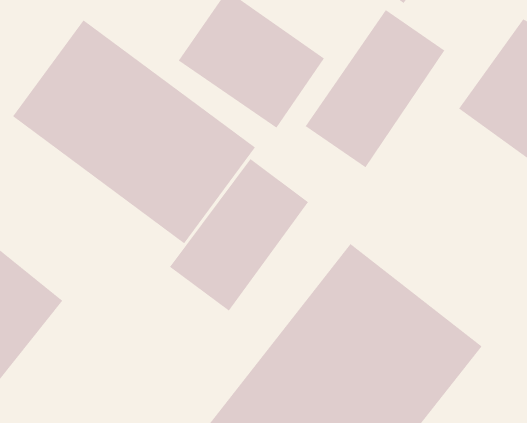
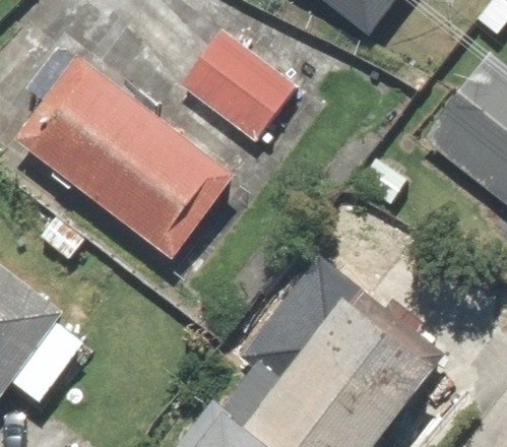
building: [305,9,445,168] -> none
building: [169,158,309,312] -> none

